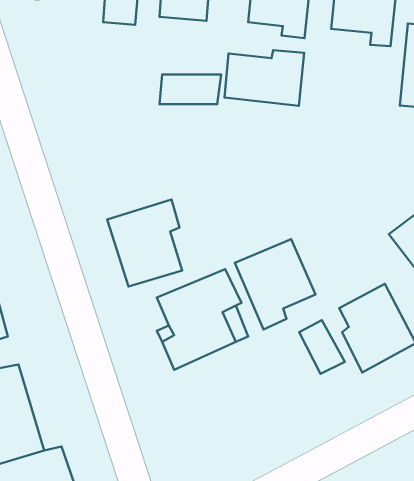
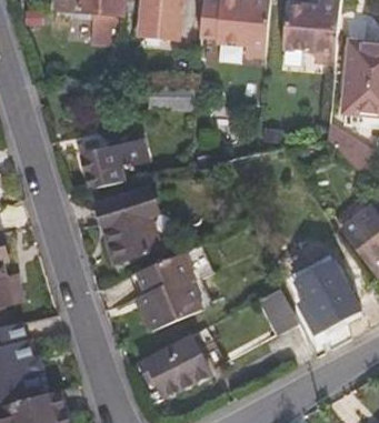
building: [224,50,304,106] -> none
building: none -> [82,141,149,188]
building: [235,239,315,329] -> none
building: none -> [137,335,207,395]

